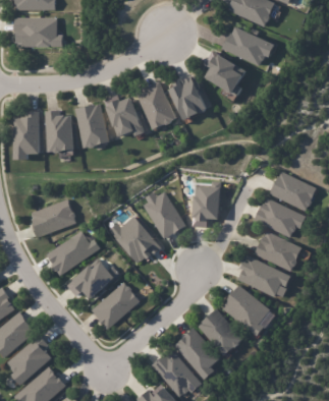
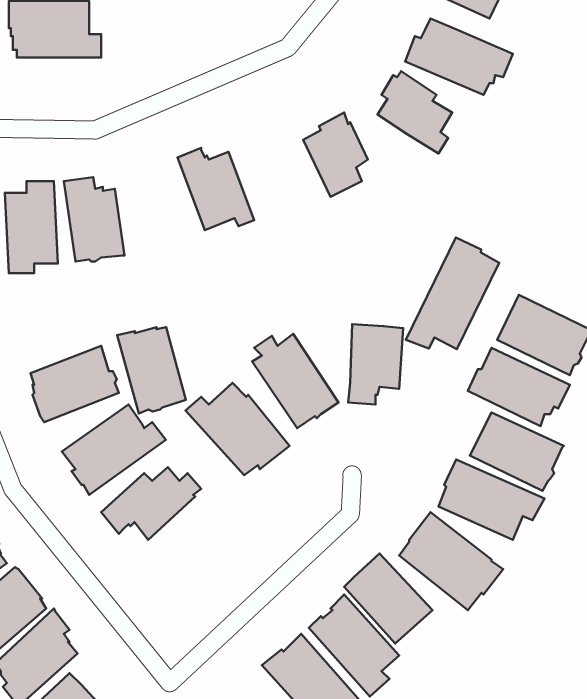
building: [134,82,178,131] -> none
building: [75,105,111,150] -> [117,327,186,414]
building: none -> [406,238,499,349]
building: [92,283,141,331] -> none

